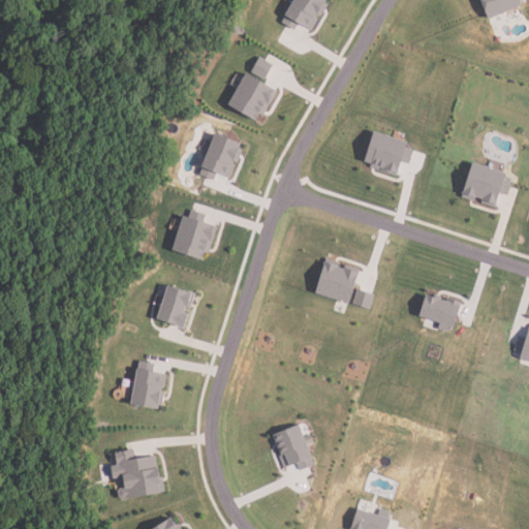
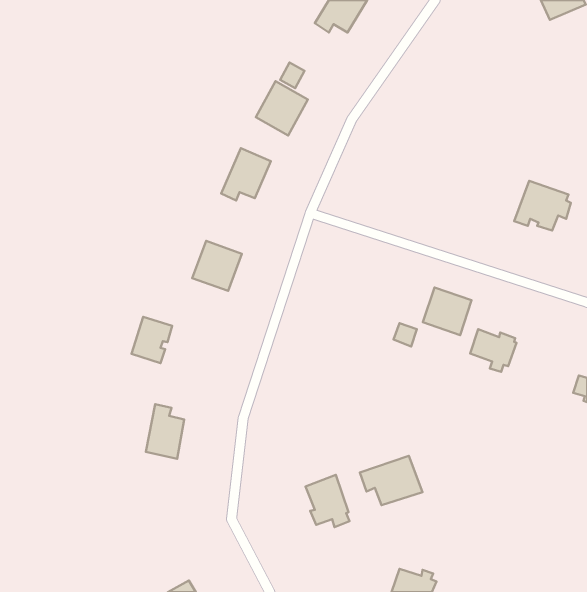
building: [362,130,408,175] -> none
building: [315,260,359,303] -> [423,288,472,335]
building: [154,285,190,326] -> [131,317,172,363]
building: none -> [360,456,422,505]
building: [111,449,163,499] -> none

